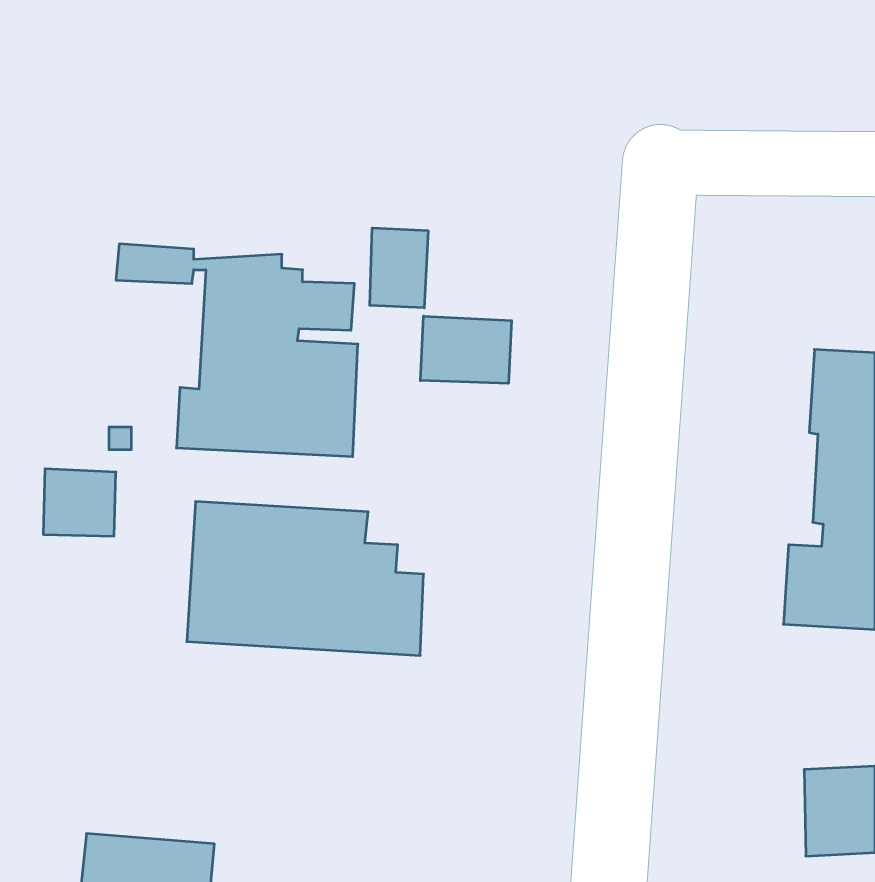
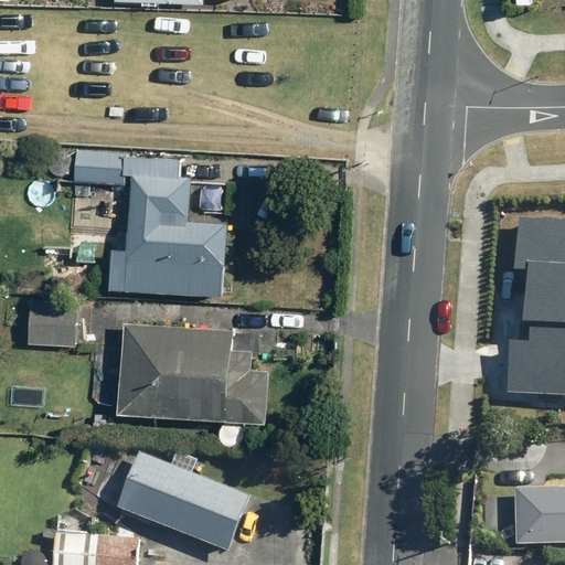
building: [370,228,428,308] -> none
building: [420,316,512,383] -> none
building: none -> [118,455,250,552]

